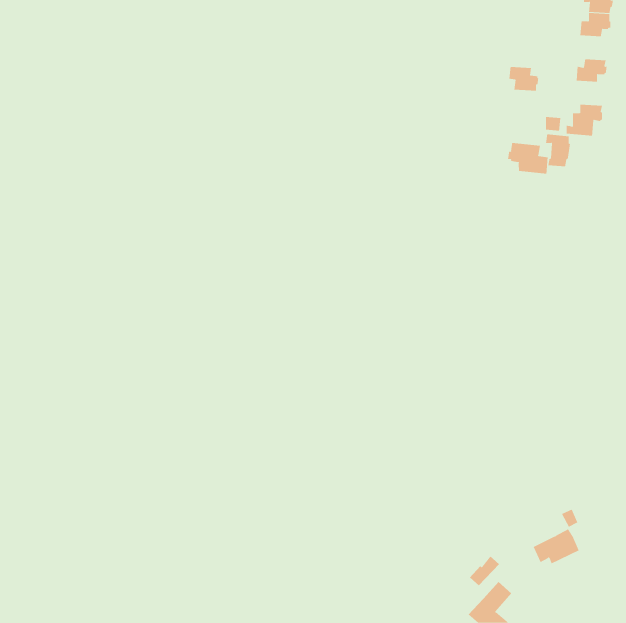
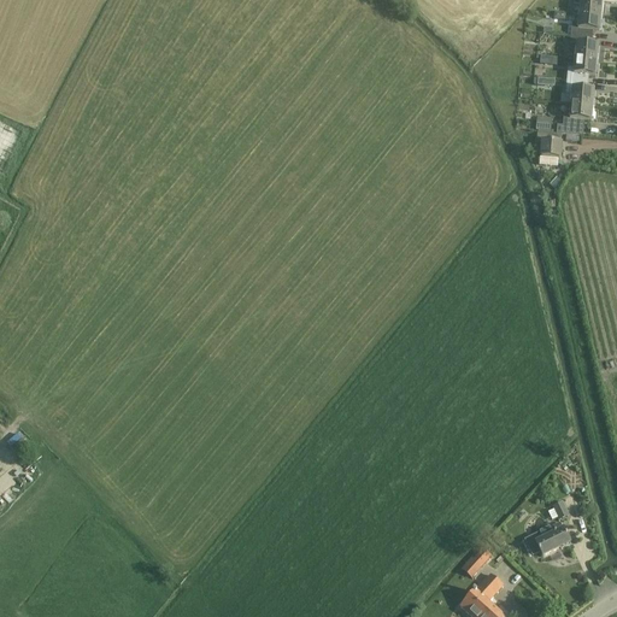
building: none -> [569,35,599,59]
building: [509,67,539,91] -> [565,80,595,104]
building: [508,142,548,175] -> none

